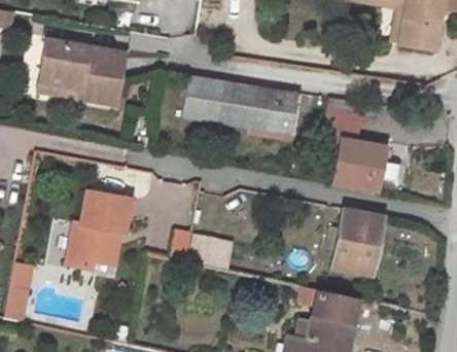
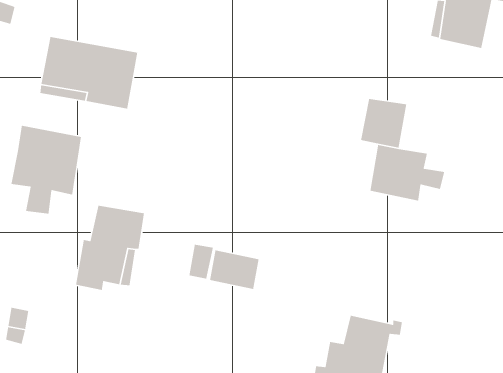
building: [184,74,304,135] -> none
building: none -> [10,125,82,215]
building: [328,209,382,275] -> none

